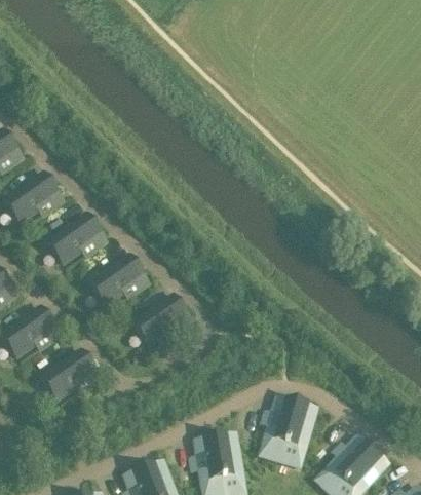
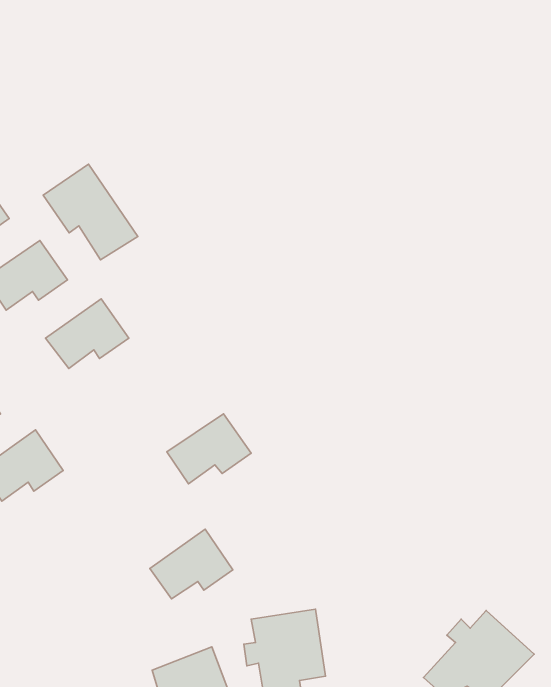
building: none -> [43,164,138,260]
building: [90,255,149,304] -> none
building: [42,349,101,398] -> [150,529,233,599]
building: [258,395,320,464] -> none

